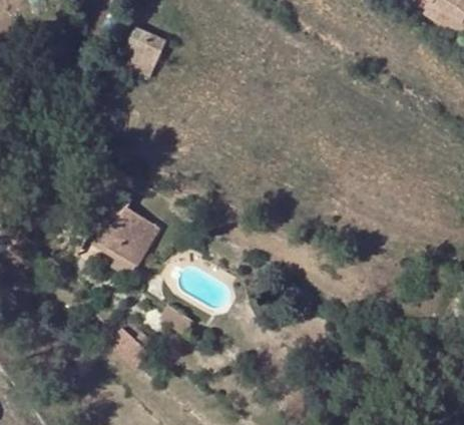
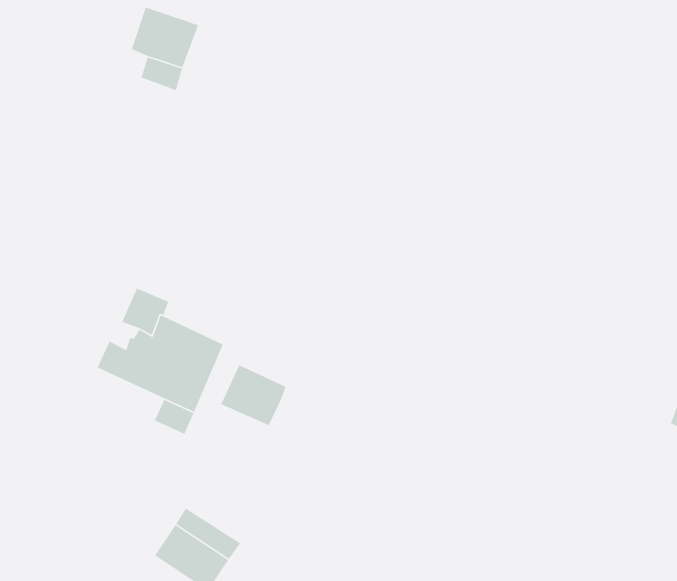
building: none -> [220,364,286,426]

